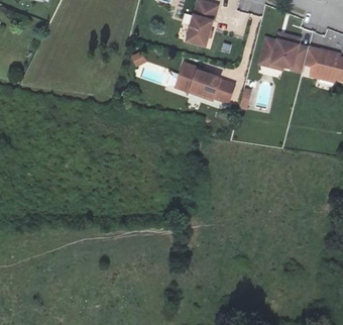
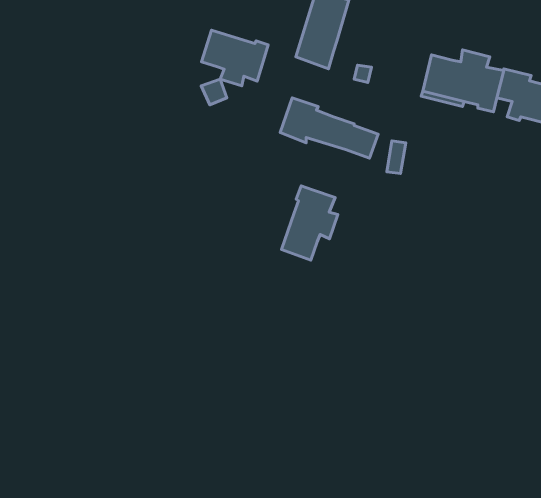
building: none -> [201,30,268,86]
building: none -> [282,186,338,260]

